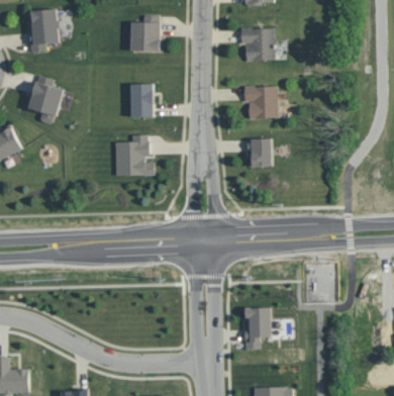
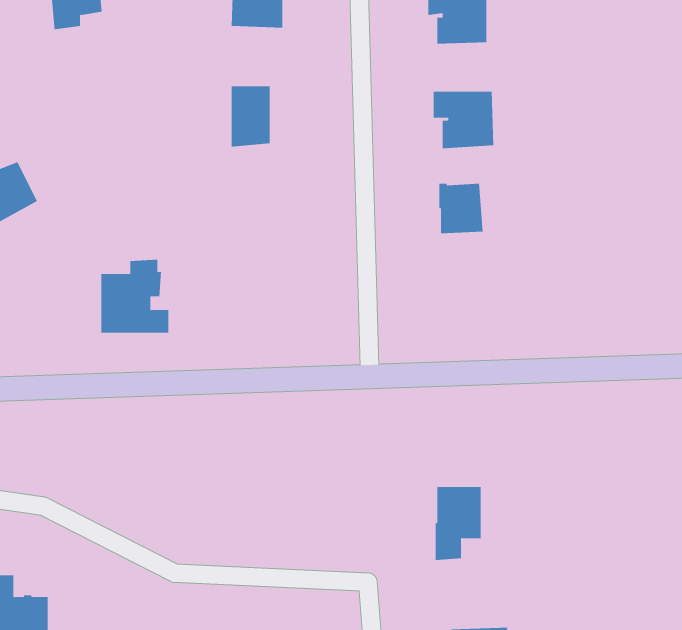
building: [25,76,63,124] -> none
building: [115,134,154,176] -> [101,259,169,333]

